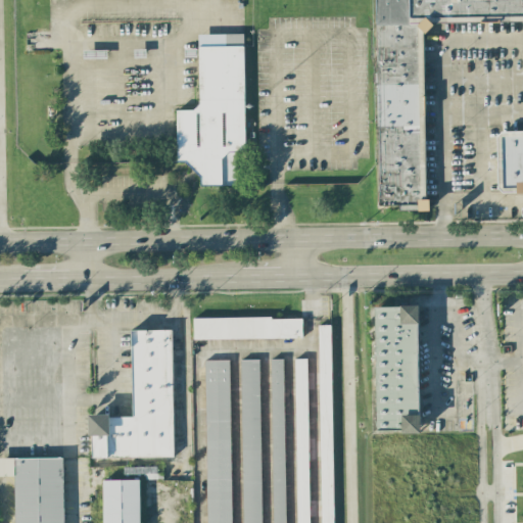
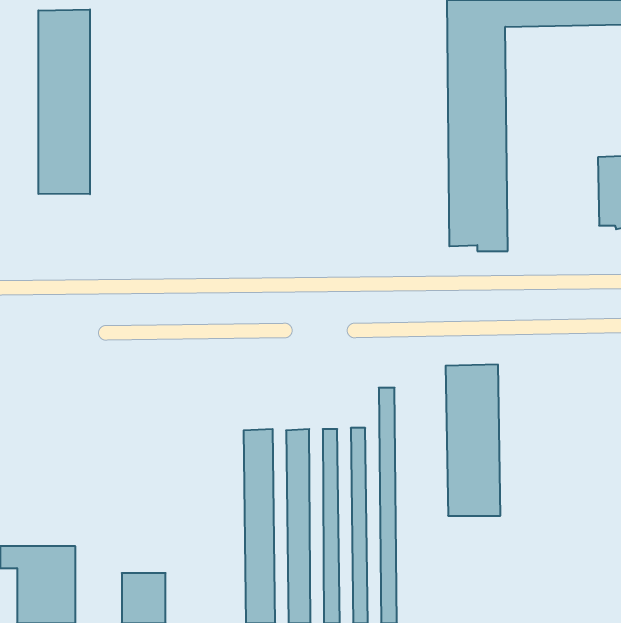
building: none -> [38,9,90,194]
building: [177,34,245,185] -> none
building: [193,318,303,339] -> none
building: [91,330,175,458] -> none

